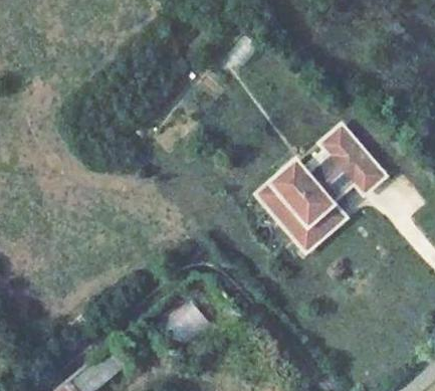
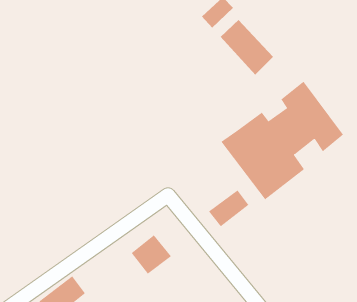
building: none -> [220,19,274,76]
building: none -> [208,190,249,227]

